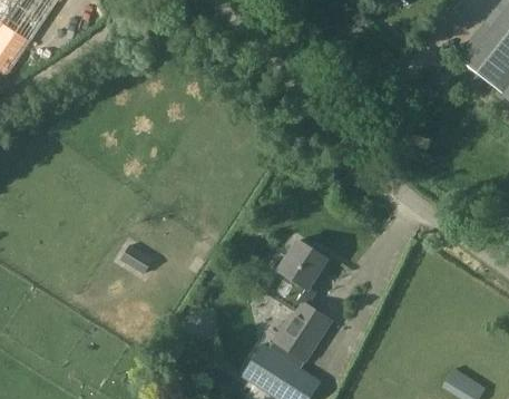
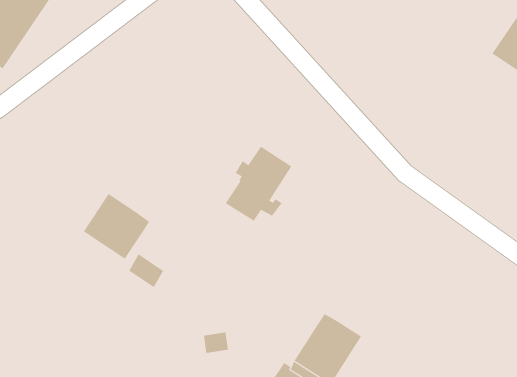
building: none -> [83,193,150,260]
building: [267,241,329,310] -> [225,146,292,222]

